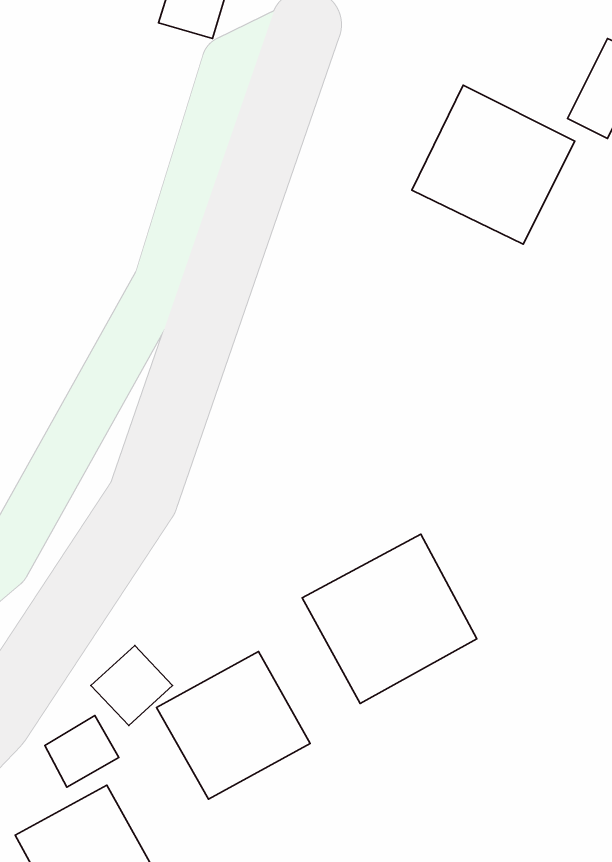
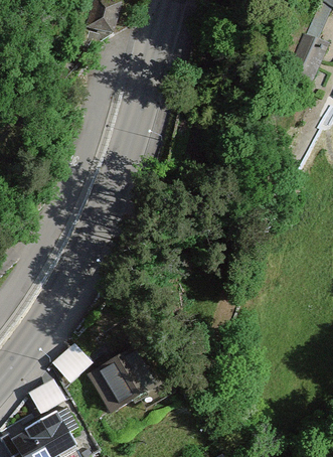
building: [412,85,575,244] -> none
building: [302,534,477,704] -> none

